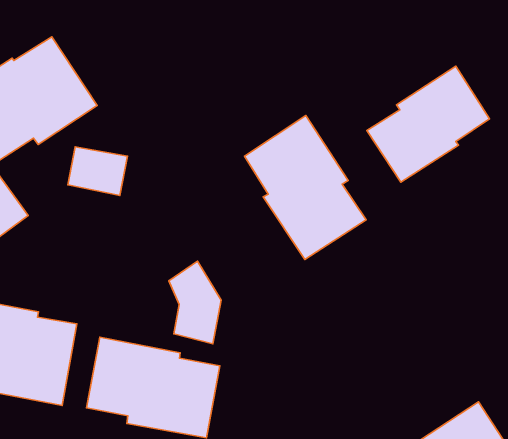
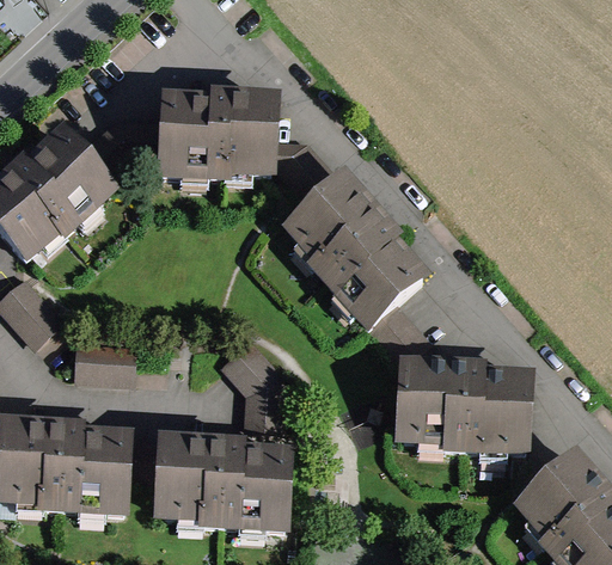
building: none -> [155,90,282,183]
building: [367,66,490,182] -> none
building: [68,147,128,195] -> [72,339,131,385]
building: none -> [393,360,537,456]

